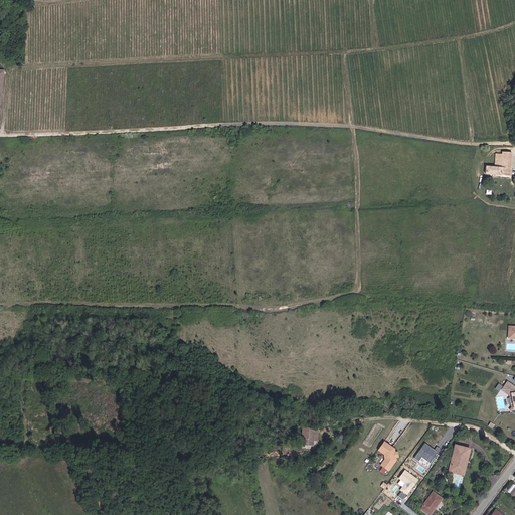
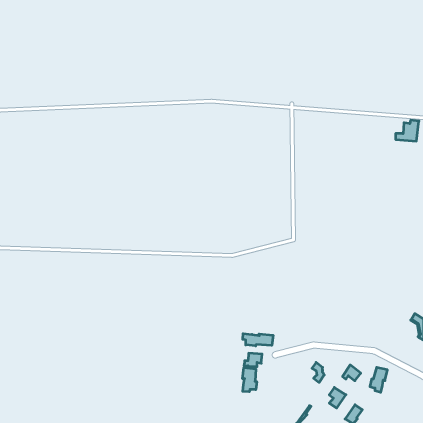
building: none -> [243,334,273,346]
building: none -> [243,368,257,392]

